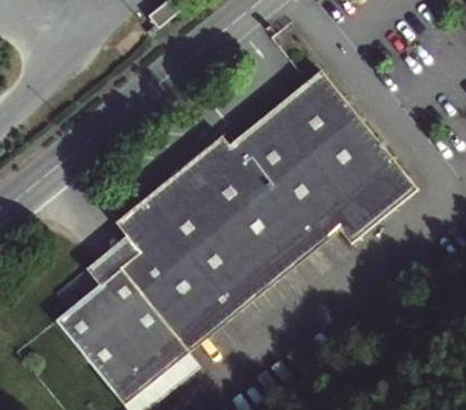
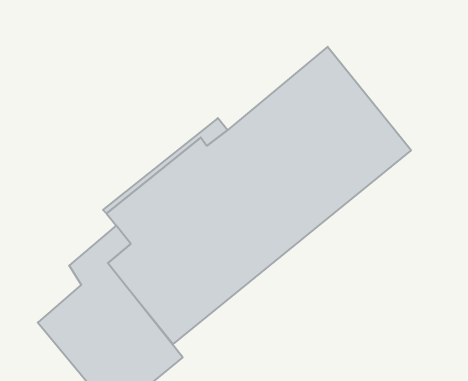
building: [181,165,419,355] -> none

